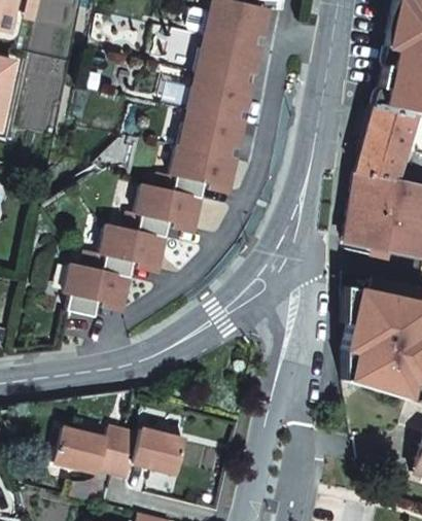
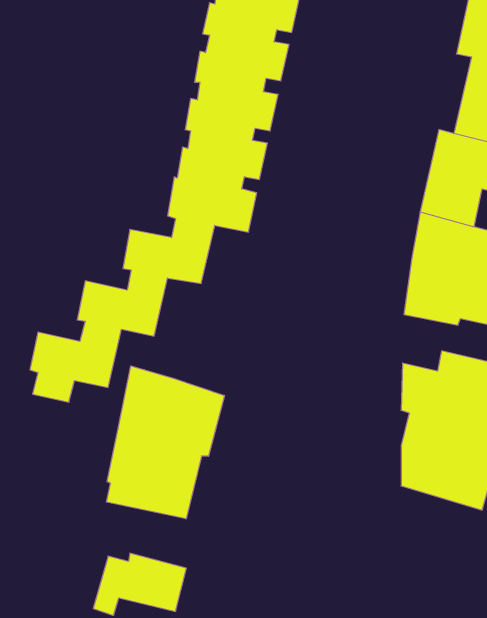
building: none -> [106,366,224,519]
building: [52,428,125,475] -> none

